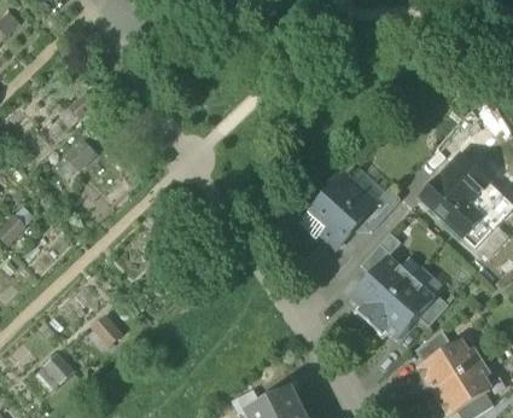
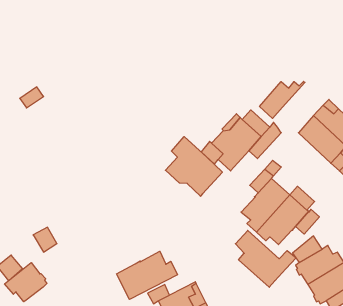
building: none -> [260,81,305,118]
building: none -> [165,137,222,196]
building: none -> [235,230,296,287]
building: none -> [117,251,178,299]
building: none -> [5,263,47,302]

